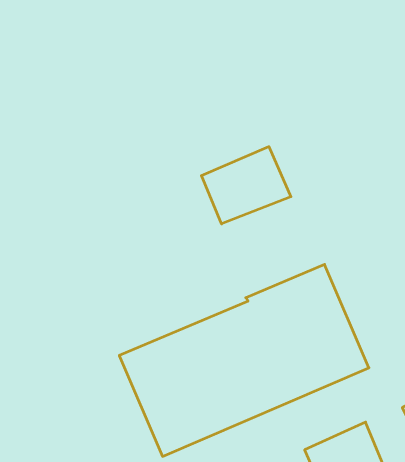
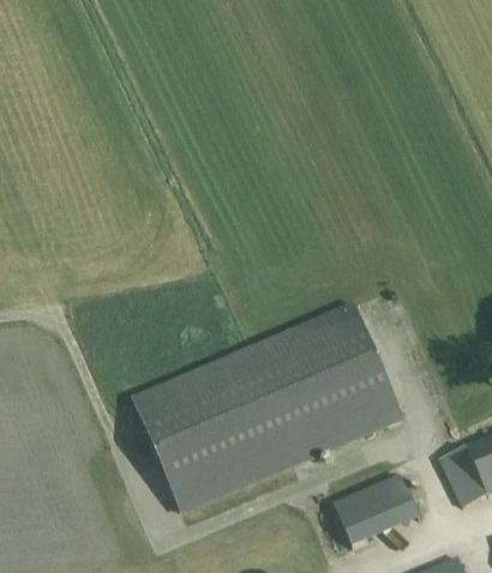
building: [201,147,291,224] -> none

